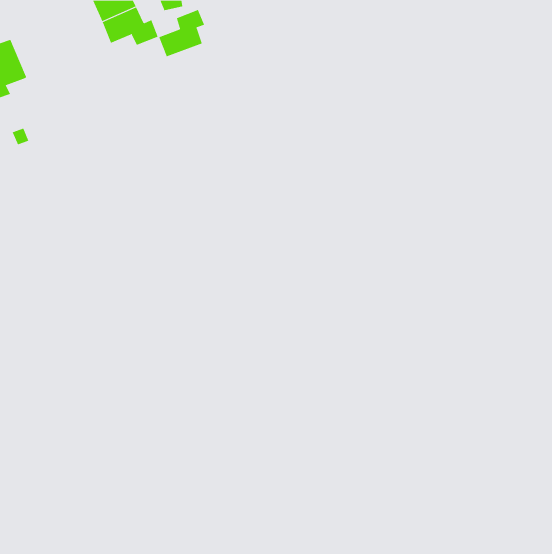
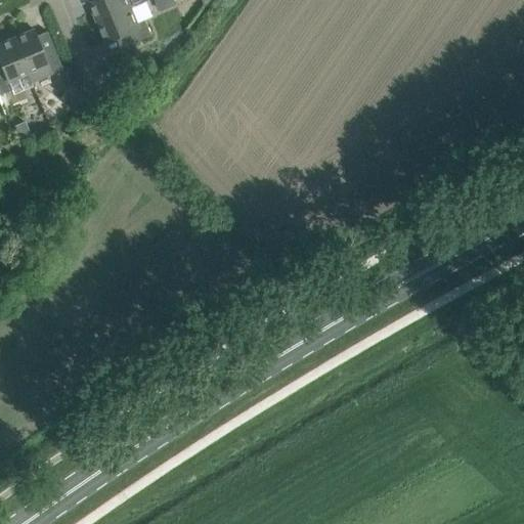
building: [158,9,205,57] -> none
building: none -> [10,28,60,81]

